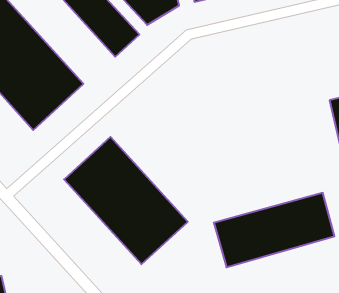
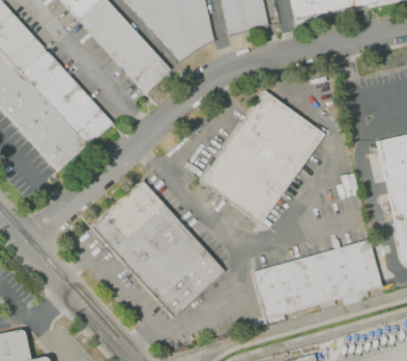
building: none -> [201,89,326,223]

